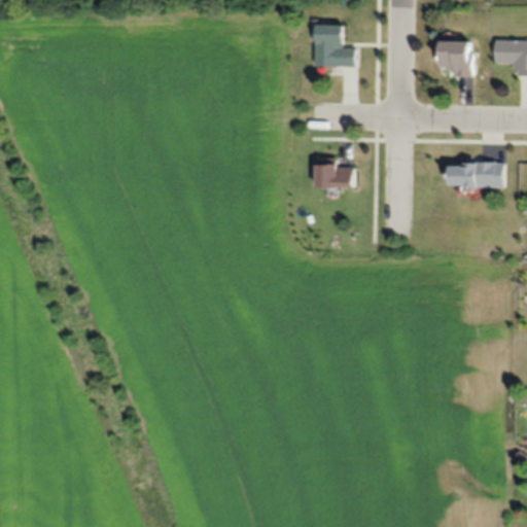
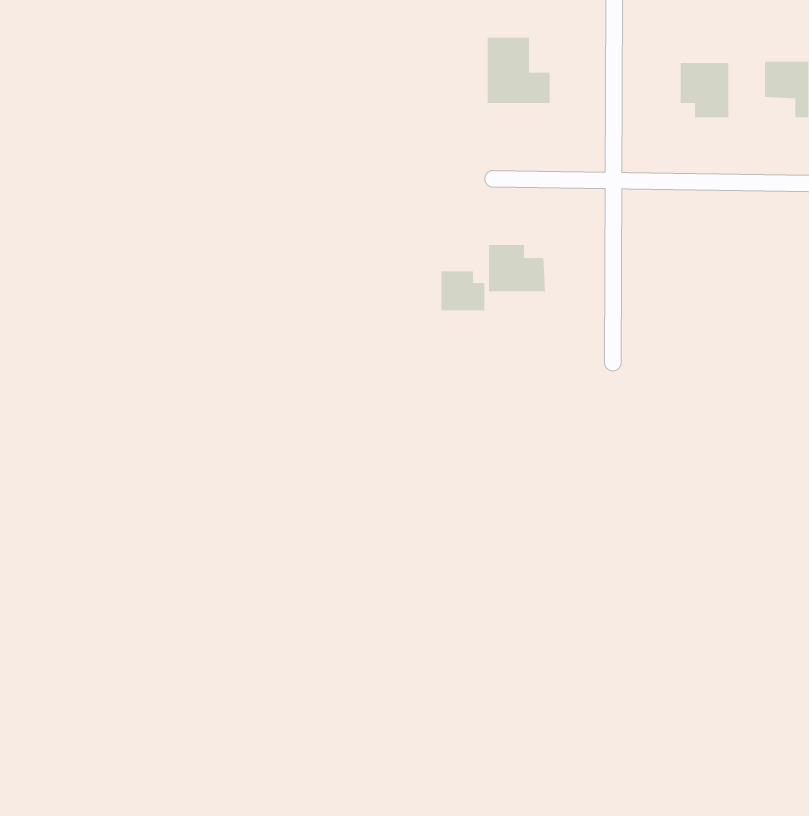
building: [447,161,501,187] -> none
building: none -> [441,270,485,311]

